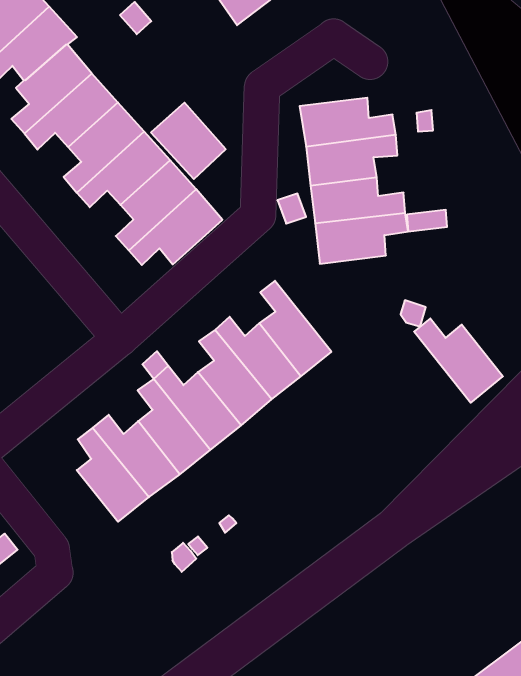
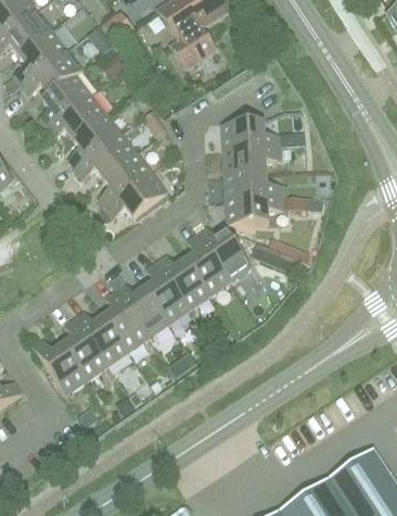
building: [414,318,503,403] -> [196,226,251,281]
building: none -> [33,339,86,394]

